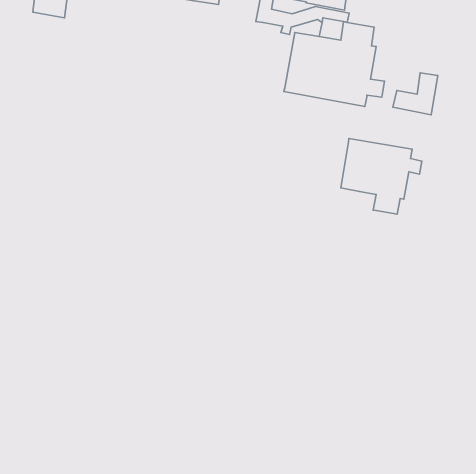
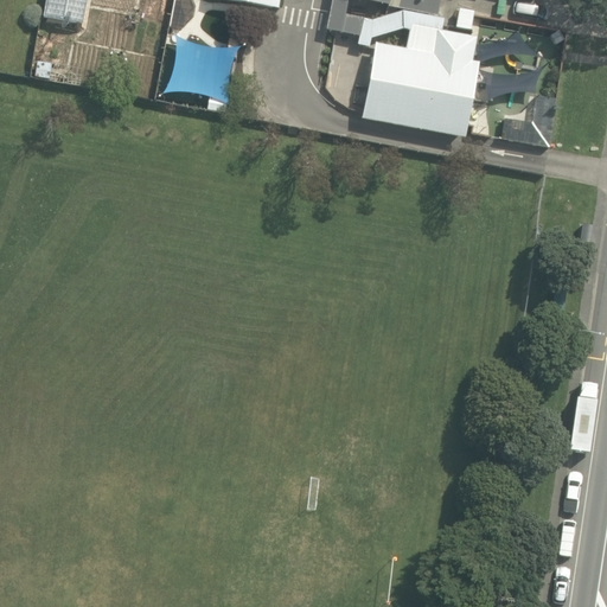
building: [341,139,422,214] -> none

